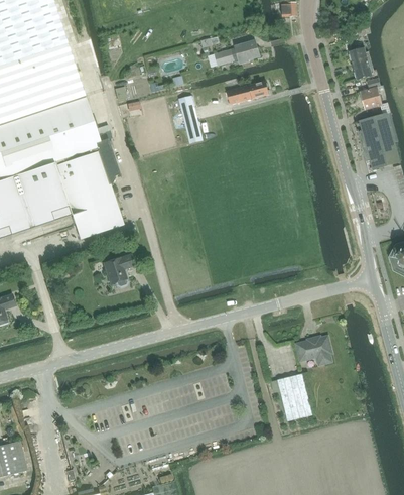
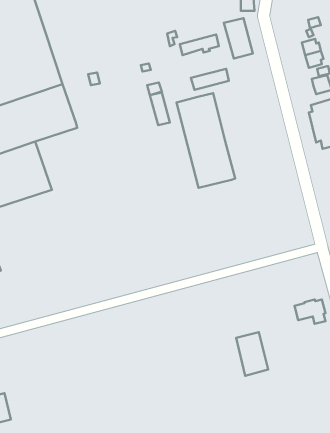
building: none -> [224,18,253,59]
building: none -> [176,93,235,188]
building: [54,137,123,238] -> none
building: [104,253,135,282] -> none
building: [297,336,331,363] -> [295,299,325,324]

